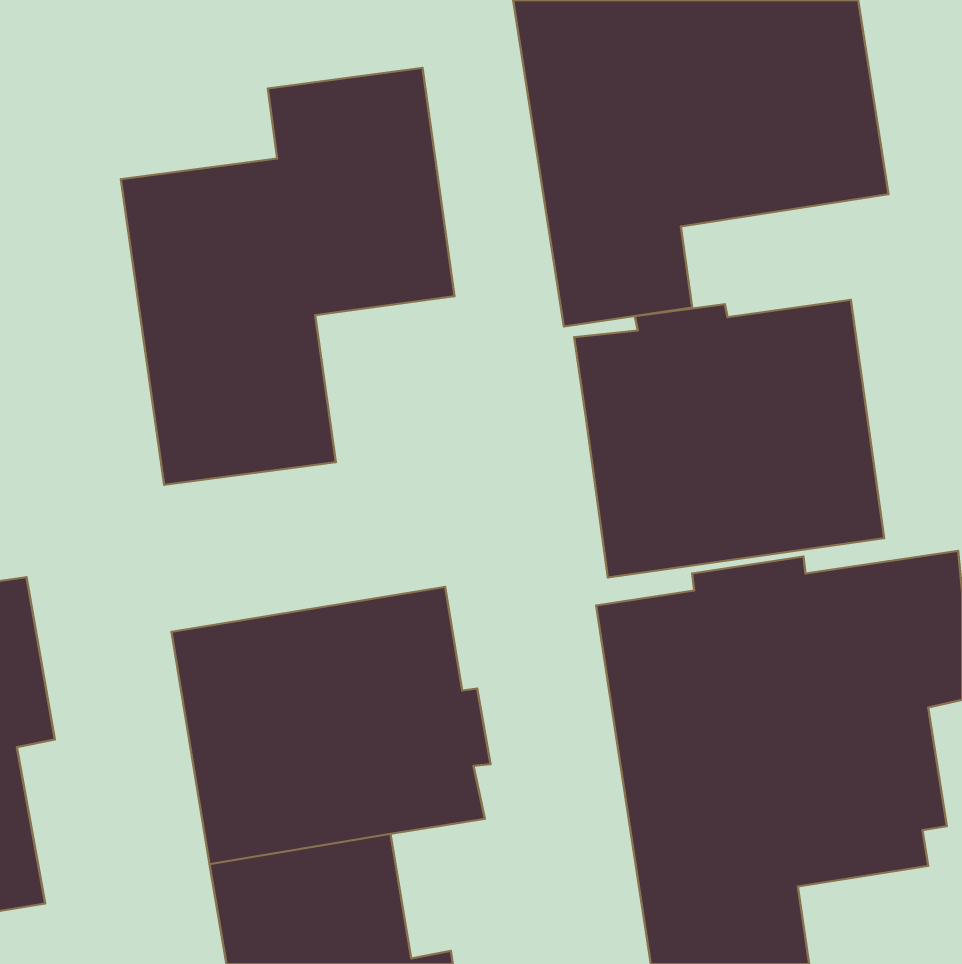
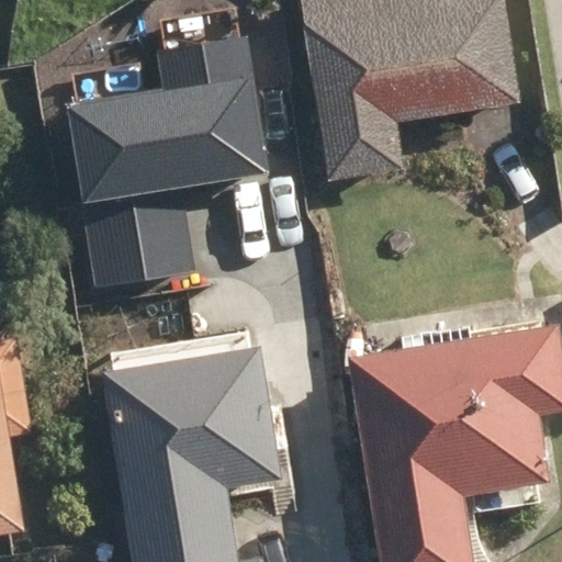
building: [574,300,884,577] -> none

